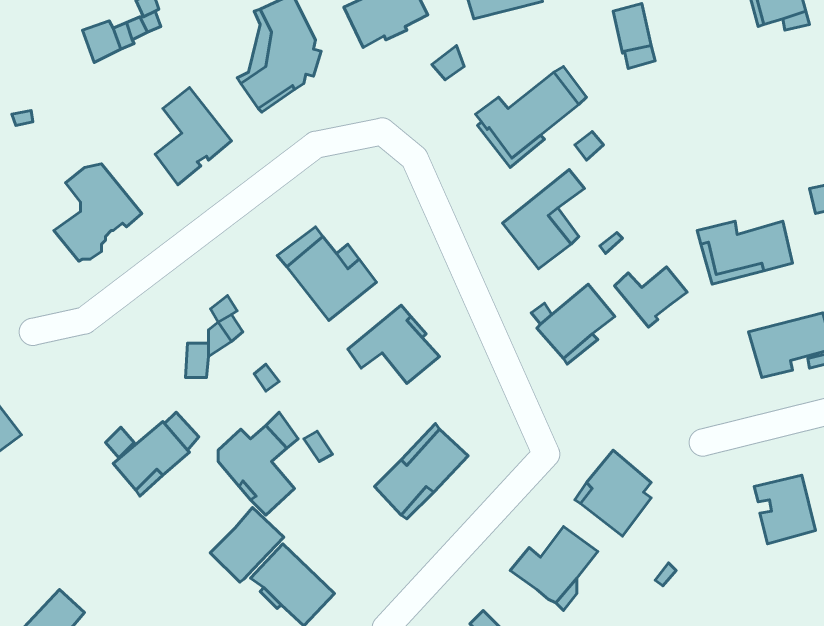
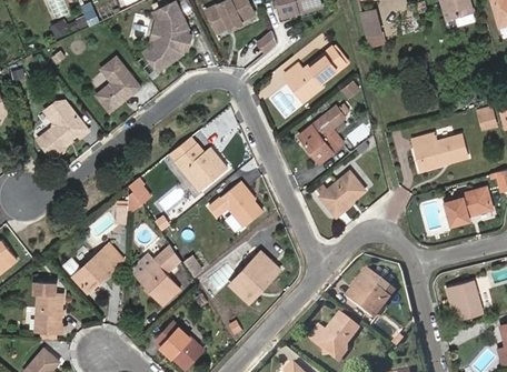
building: [614,267,687,327] -> none
building: none -> [29,282,60,333]
building: [210,508,284,582] -> none

